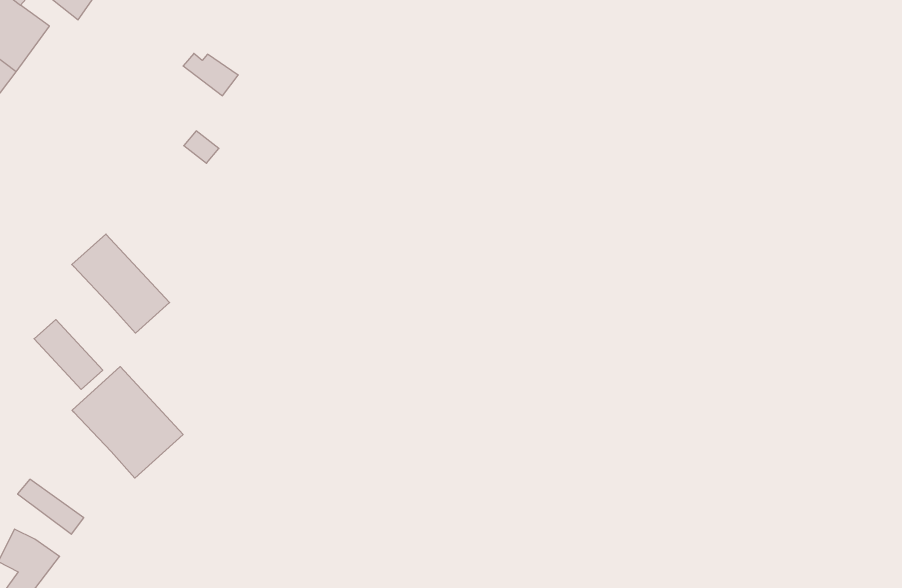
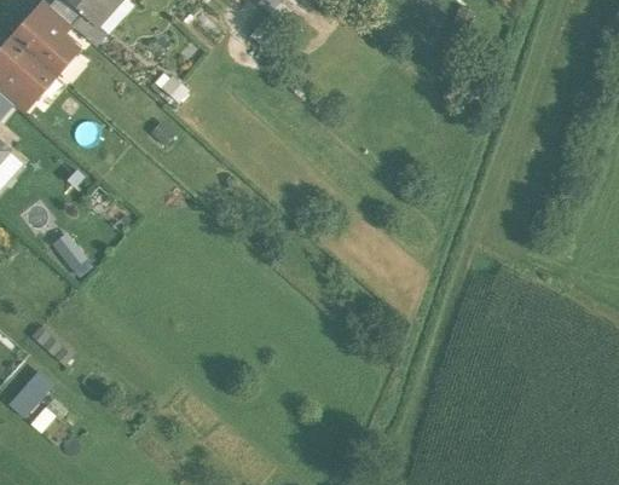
building: [72,234,170,333] -> none
building: [72,367,183,478] -> none

